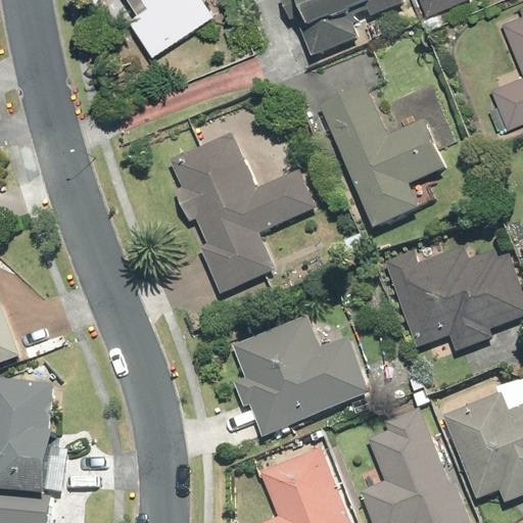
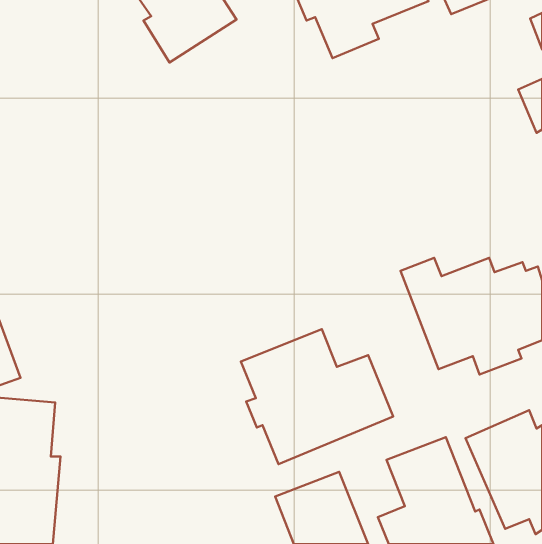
building: [318,82,449,234] -> none
building: [172,124,315,295] -> none

